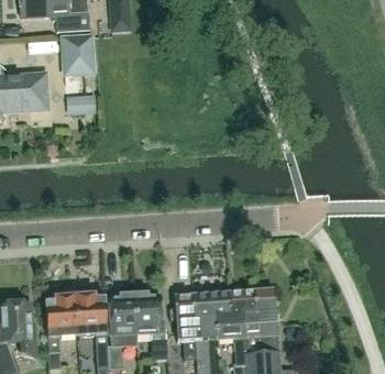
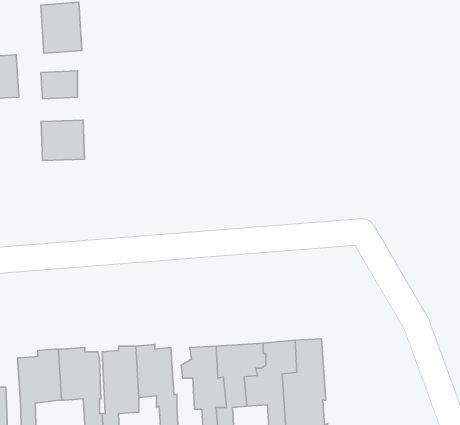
building: none -> [41,120,85,160]

